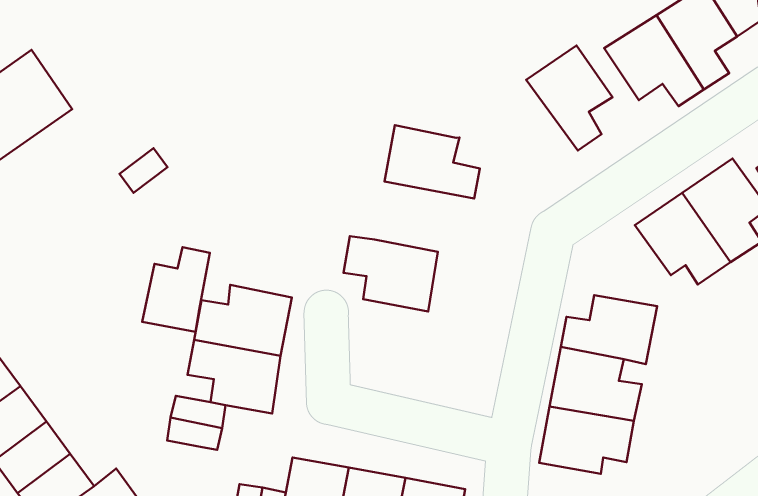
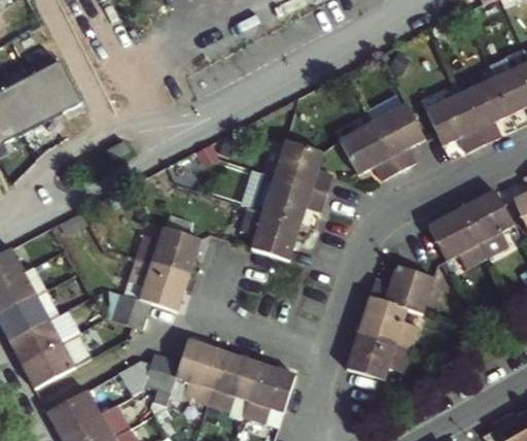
building: none -> [338,122,397,181]
building: none -> [260,174,327,224]
building: [142,247,210,332] -> none

